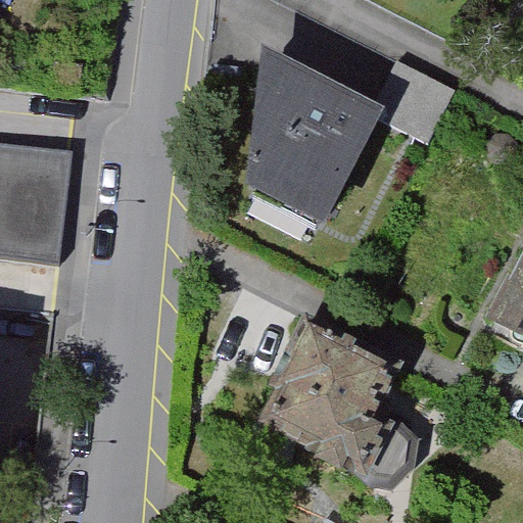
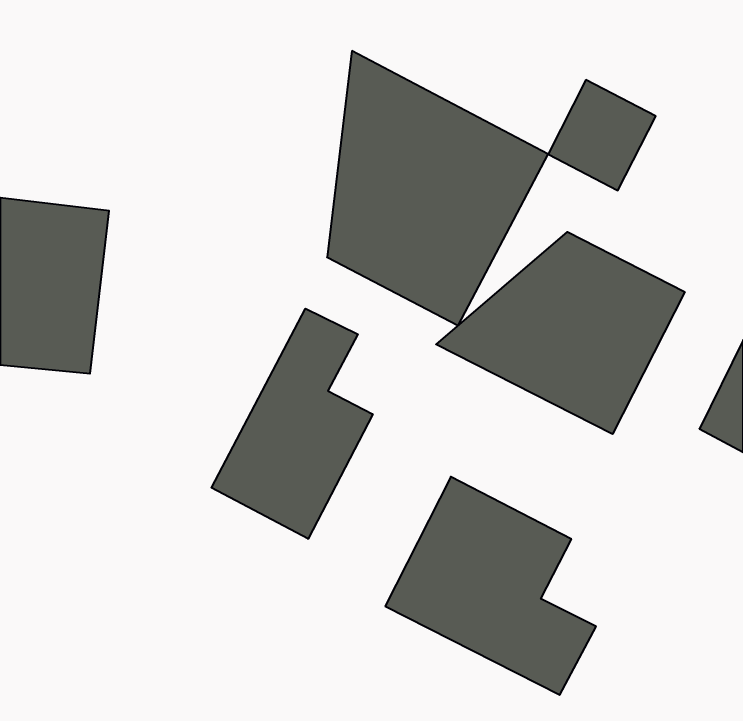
building: none -> [436,232,685,434]
building: none -> [211,309,373,539]

